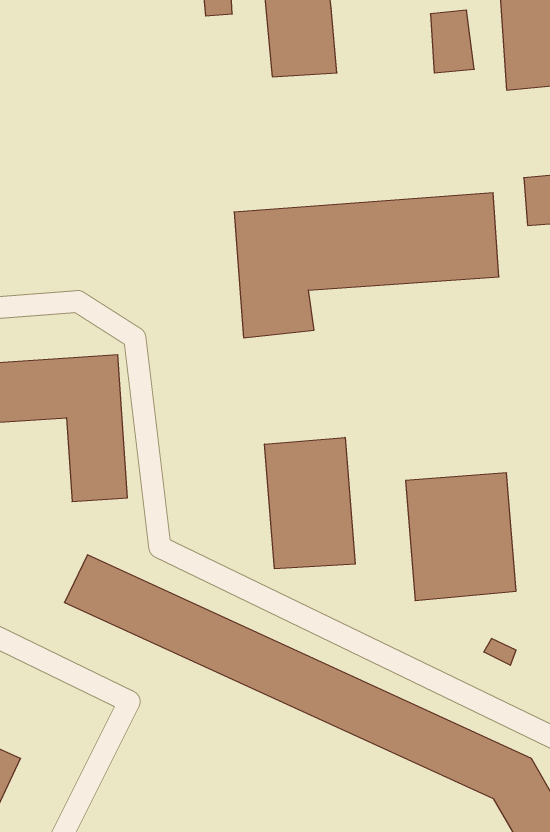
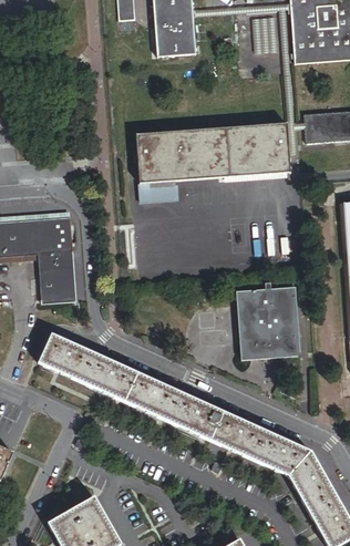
building: [265,437,355,569] -> none

